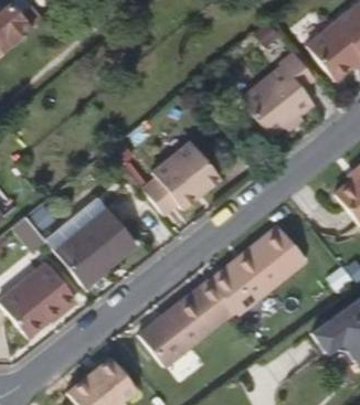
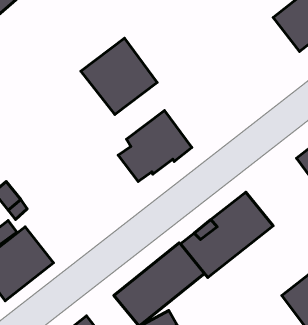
building: [242,51,317,137] -> none
building: none -> [81,38,157,115]
building: [55,206,138,286] -> none

